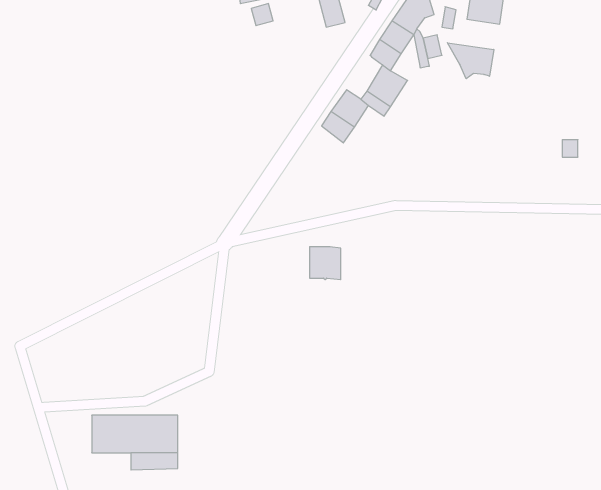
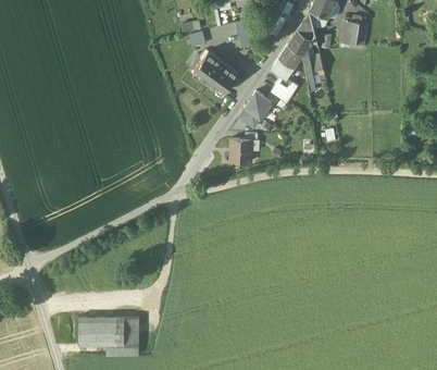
building: none -> [196,50,239,90]
building: [447,43,494,79] -> none
building: [310,247,341,280] -> [230,138,252,161]

